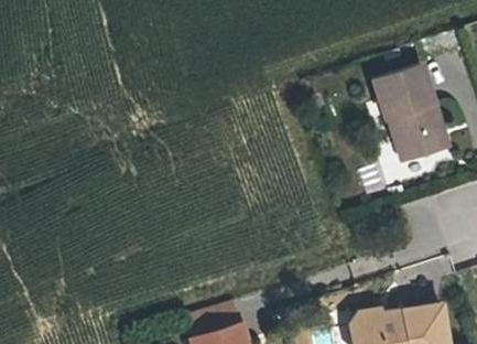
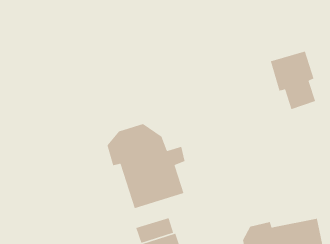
building: none -> [107,123,185,209]

